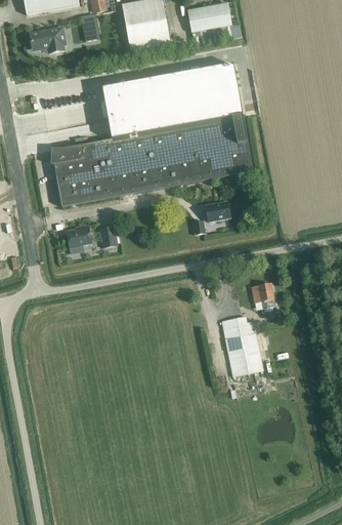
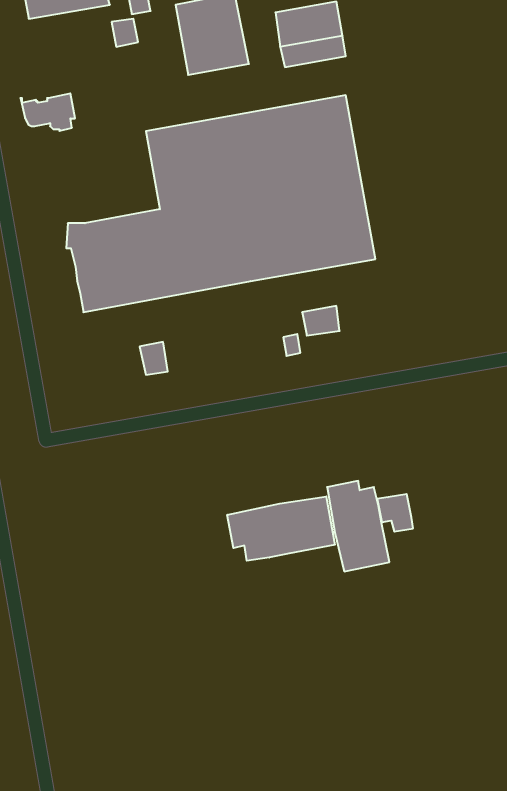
building: [29,26,65,50] -> [20,93,75,131]
building: [67,224,91,246] -> none
building: [251,282,274,307] -> [377,494,413,532]
building: none -> [227,496,335,561]

